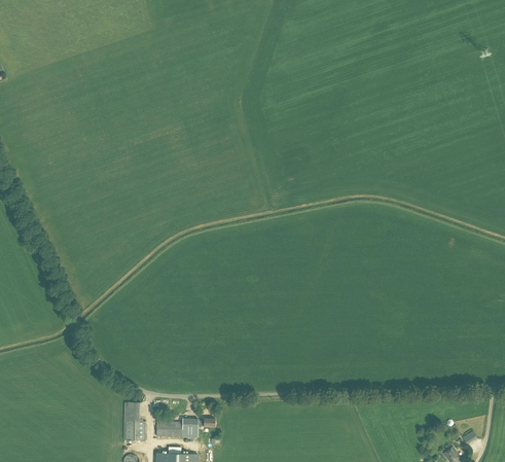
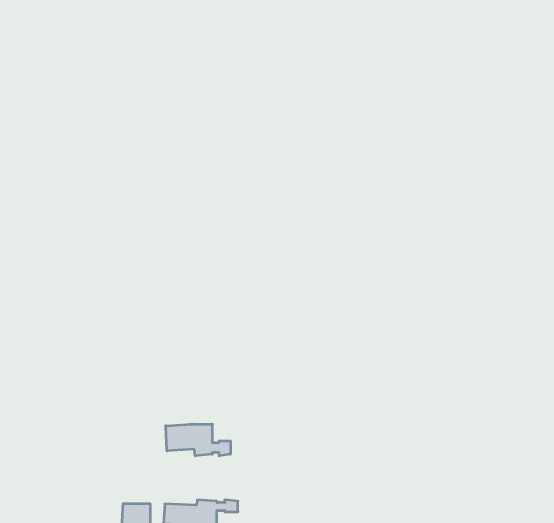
building: none -> [166,424,230,456]

